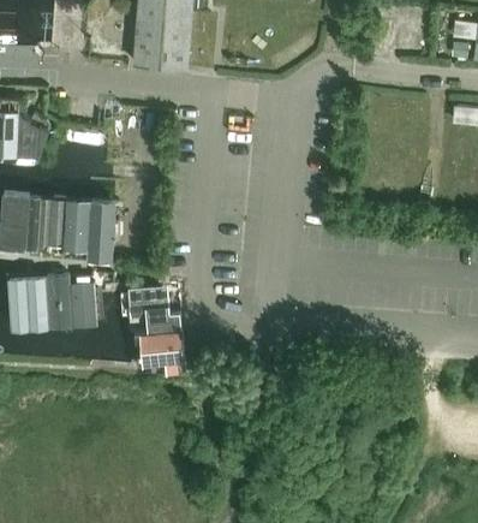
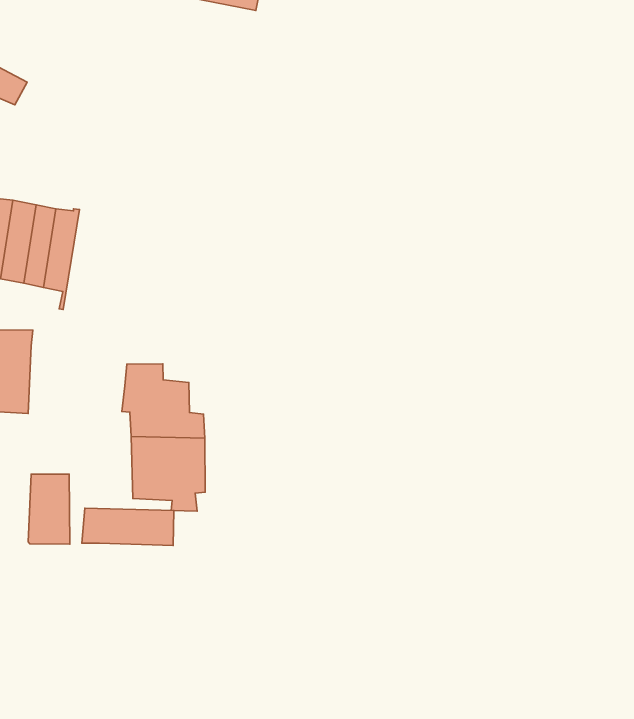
building: [86,200,115,261] -> none
building: [70,283,97,327] -> [28,474,70,544]
building: none -> [82,508,174,546]

